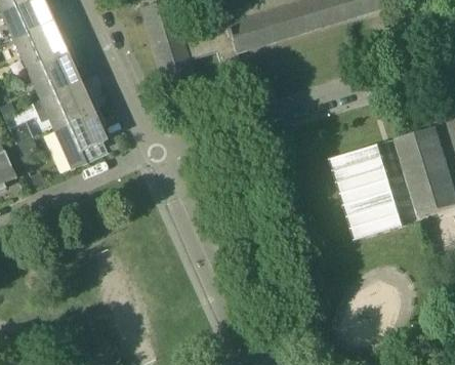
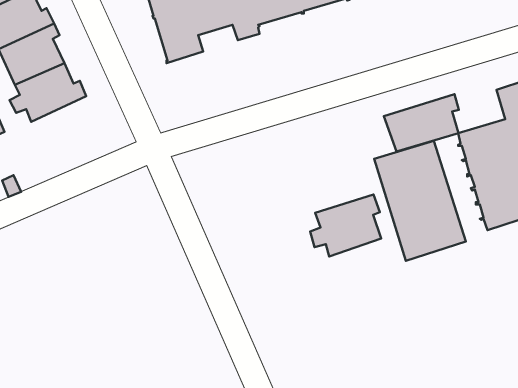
building: none -> [384,94,459,152]
building: [53,109,108,170] -> none
building: none -> [310,195,381,256]

